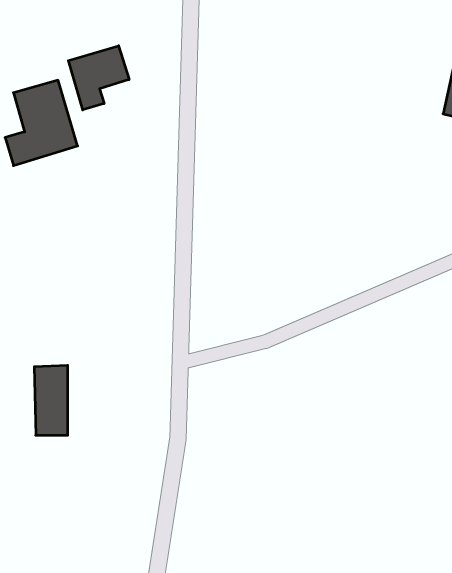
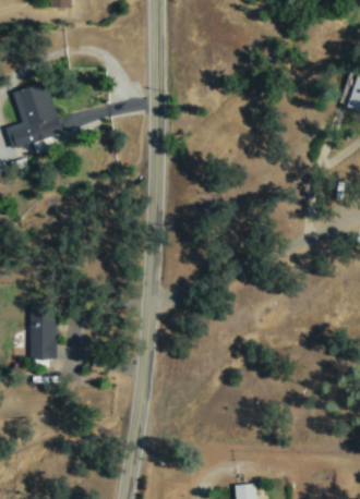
building: [68,46,129,110] -> none

